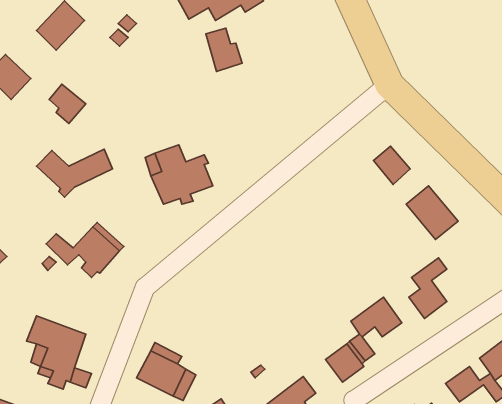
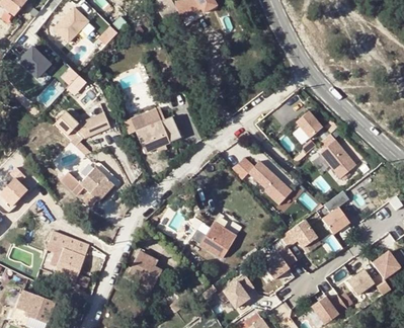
building: [206,28,242,71] -> none
building: none -> [233,157,292,203]
building: none -> [201,214,241,258]

